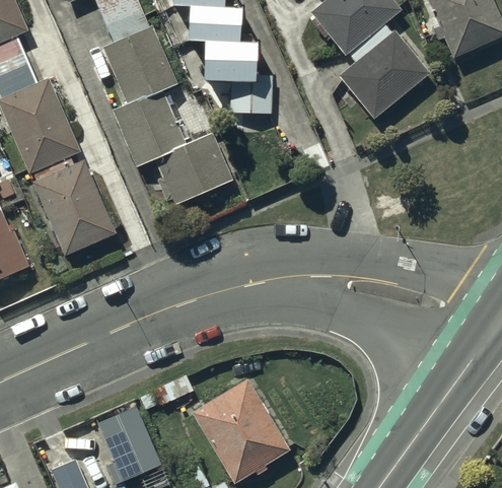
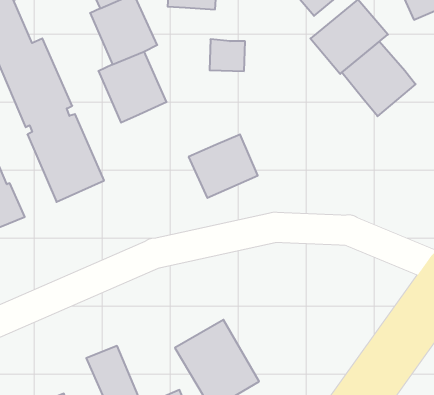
building: [203,43,256,79] -> none
building: none -> [342,41,416,116]
building: [155,134,230,203] -> [189,134,258,198]

